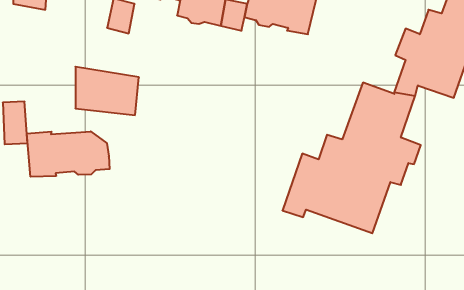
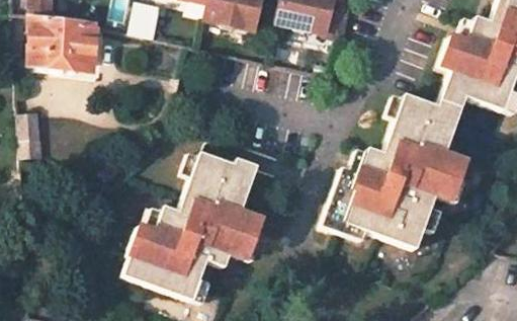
building: [75,67,139,115] -> [31,15,99,67]
building: [27,131,110,177] -> none
building: none -> [121,155,260,303]

